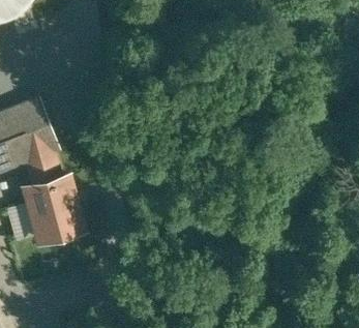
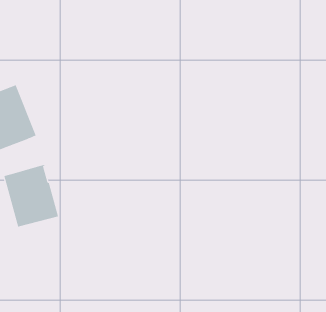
building: [27,149,58,183] -> none

